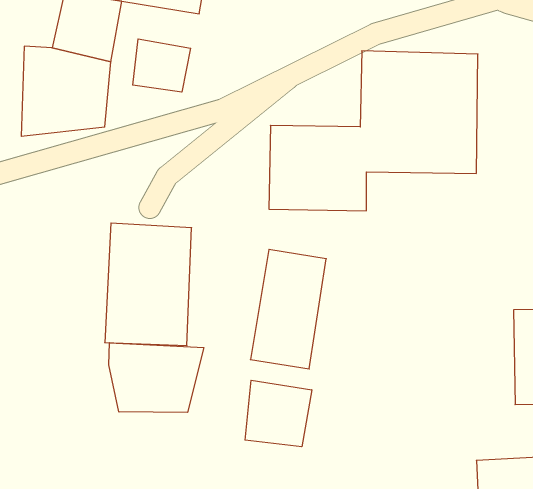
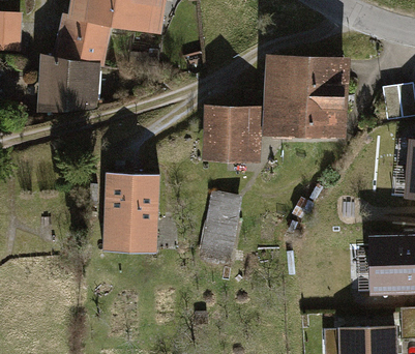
building: [133,39,191,92] -> none
building: [109,343,204,412] -> none
building: [245,380,312,447] -> none

